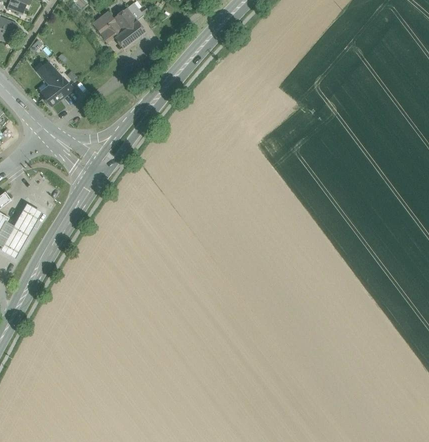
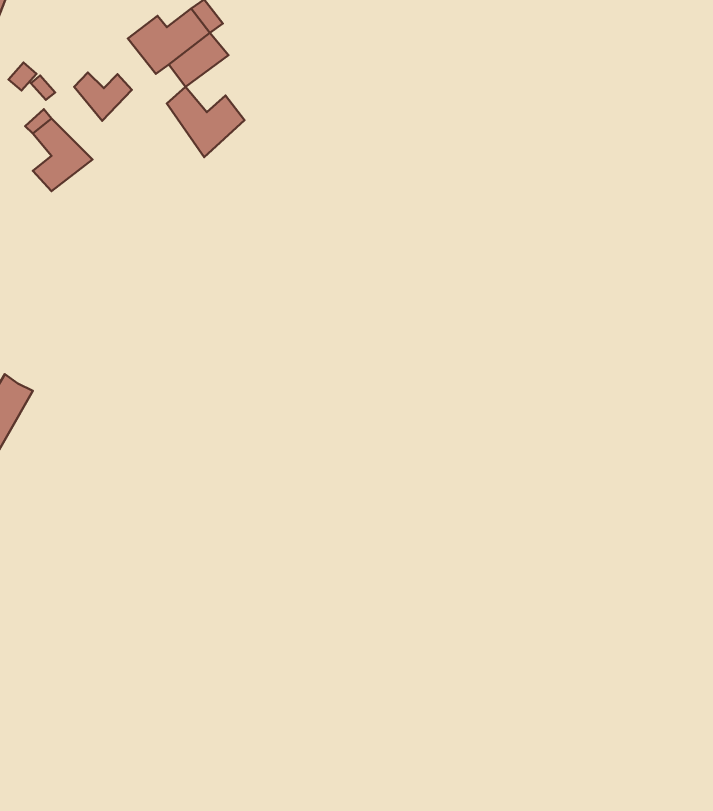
building: none -> [74,73,132,121]
building: none -> [167,87,245,157]

